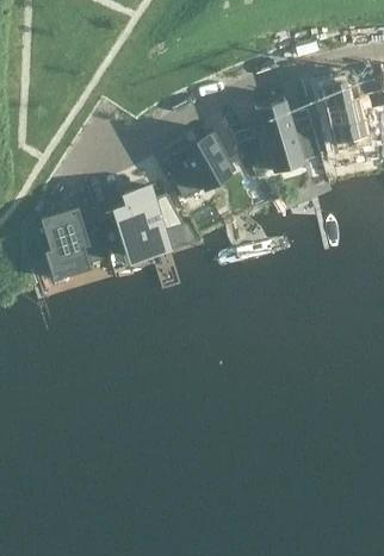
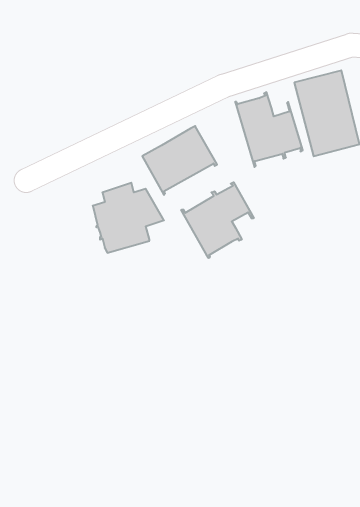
building: none -> [181,182,254,258]
building: [39,207,110,280] -> none

